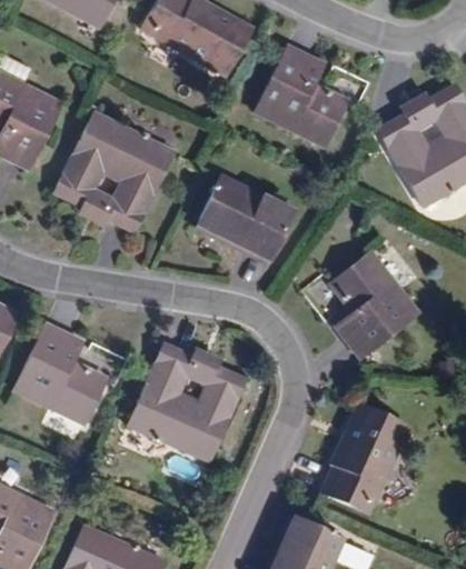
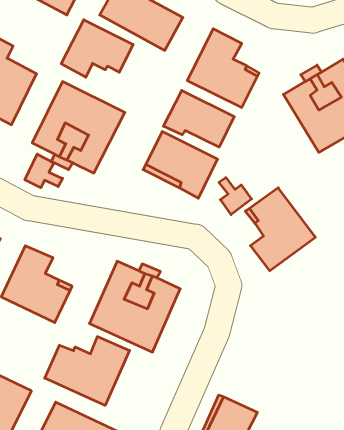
building: none -> [61,20,133,77]
building: none -> [163,90,234,147]
building: none -> [25,154,63,188]
building: none -> [219,178,252,215]
building: [323,406,408,513] -> none
building: none -> [45,337,130,405]

